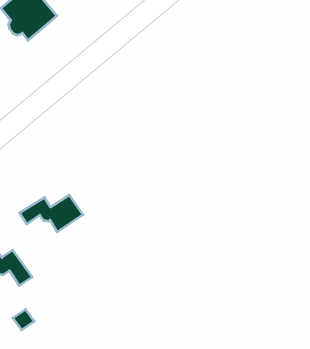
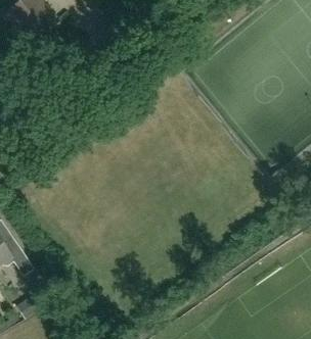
building: [19,195,83,232] -> none

